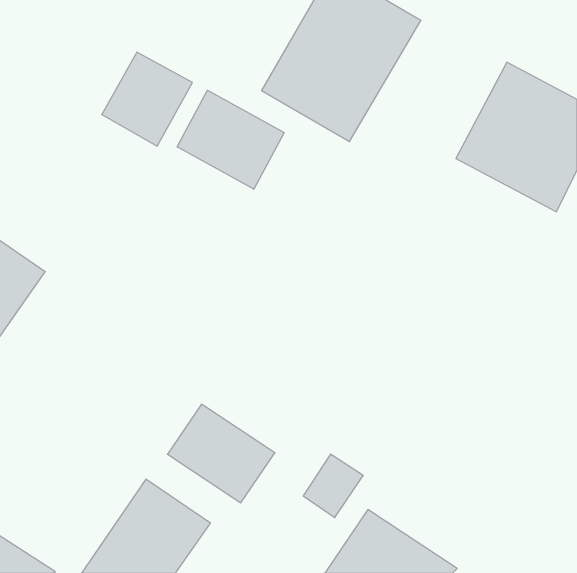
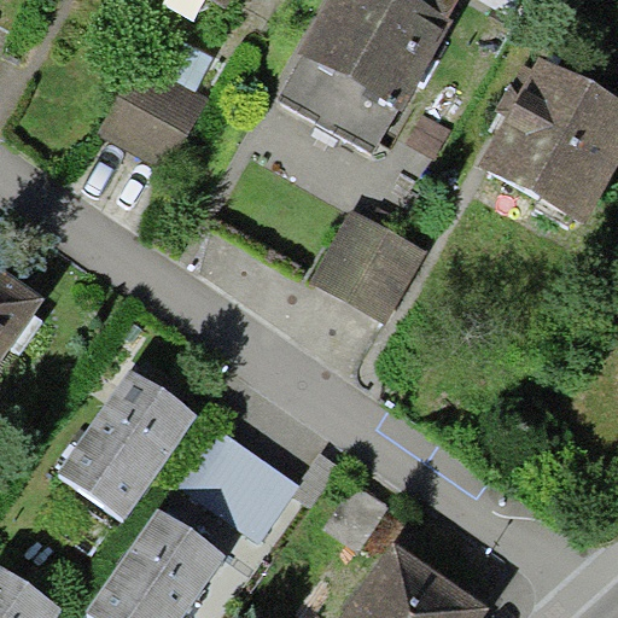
building: [177,90,284,189] -> none
building: none -> [307,206,427,325]
building: none -> [59,373,197,520]

